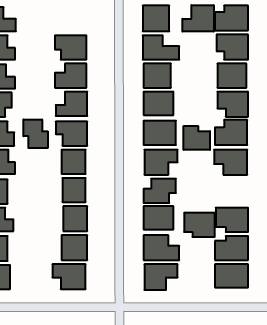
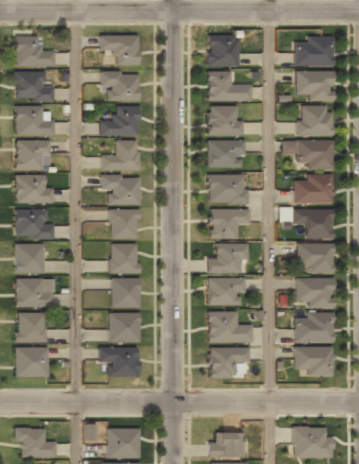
building: [182,5,214,32] -> none
building: none -> [99,35,139,63]
building: [23,119,48,148] -> none
building: [184,126,210,150] -> none
building: [184,213,215,237] -> [297,244,334,273]

